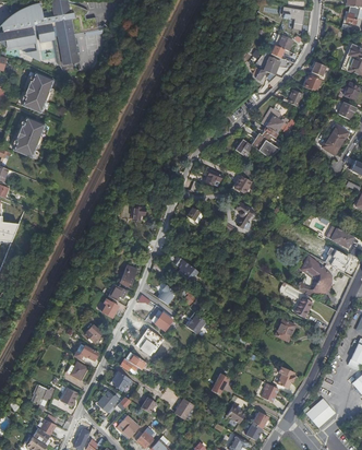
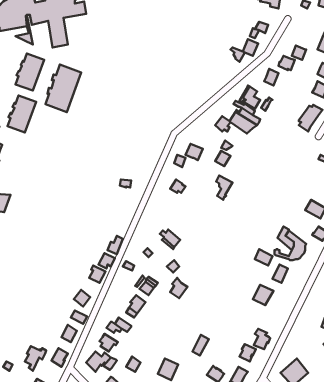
building: none -> [45,65,81,112]

